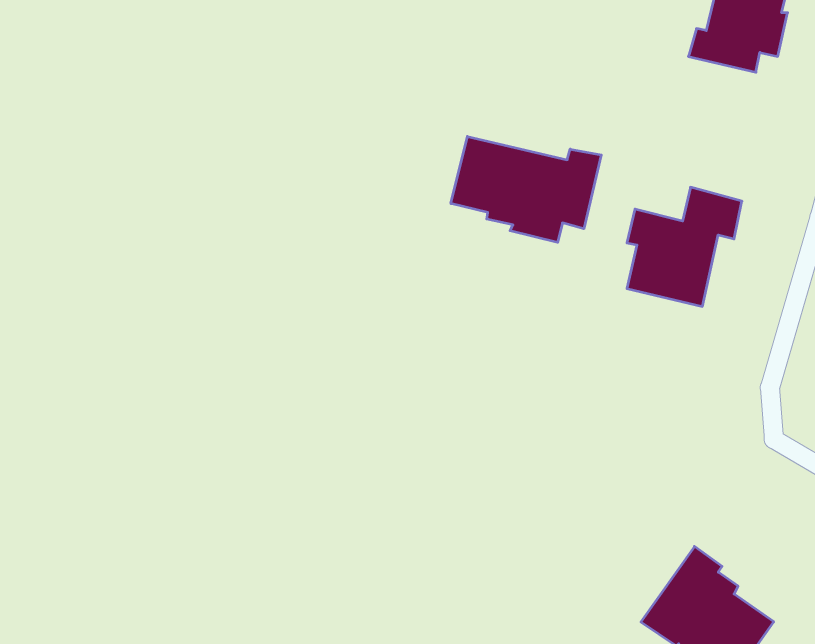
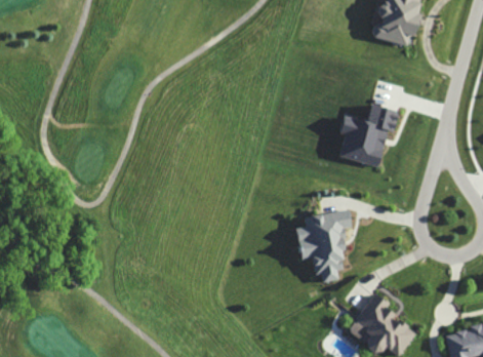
building: [451,136,601,242] -> none
building: none -> [294,208,353,281]

